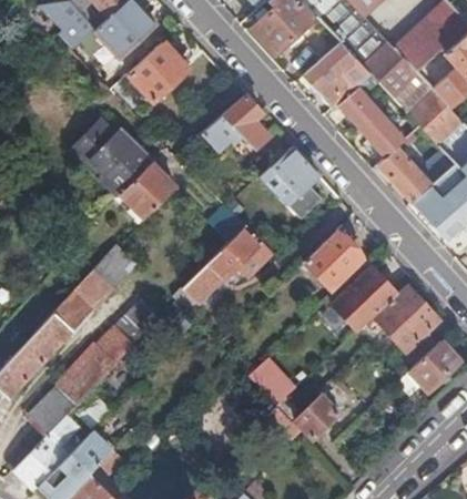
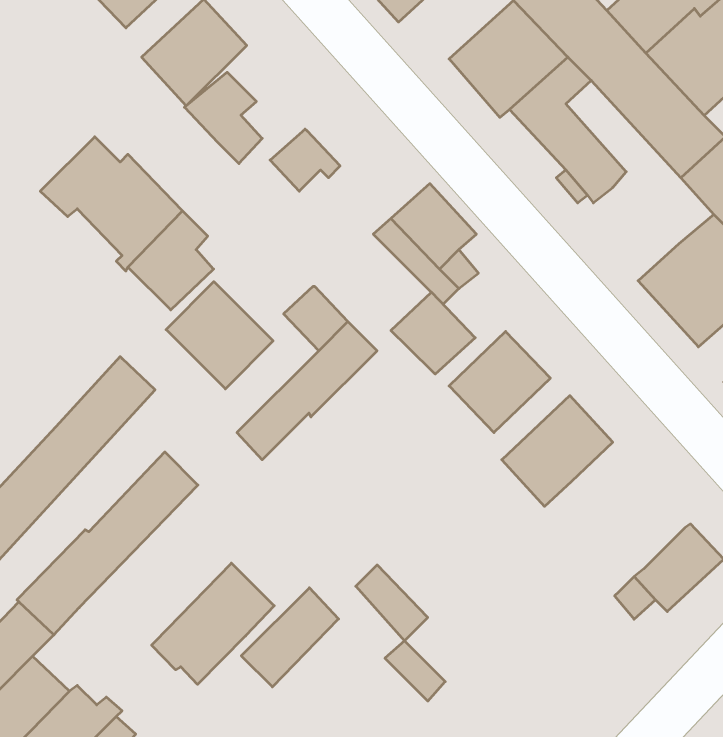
building: [223,96,267,149] -> [184,72,262,164]
building: [378,149,435,202] -> none
building: none -> [166,282,273,389]
building: none -> [391,292,475,374]
building: [374,285,439,366] -> none
building: none -> [152,563,274,684]
building: [295,381,351,438] -> [241,588,339,687]

